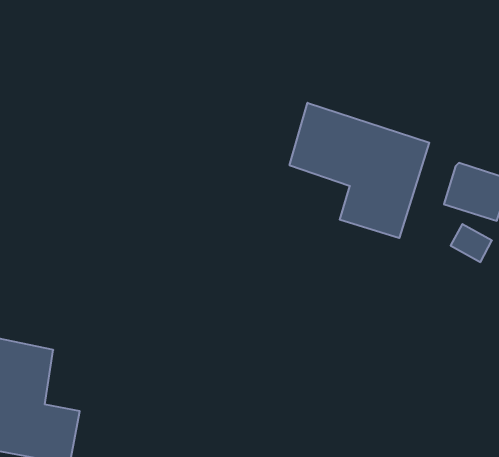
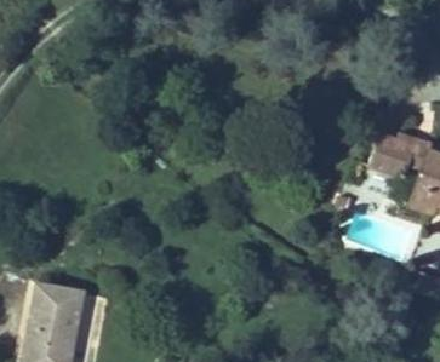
building: [290,103,429,238] -> none

